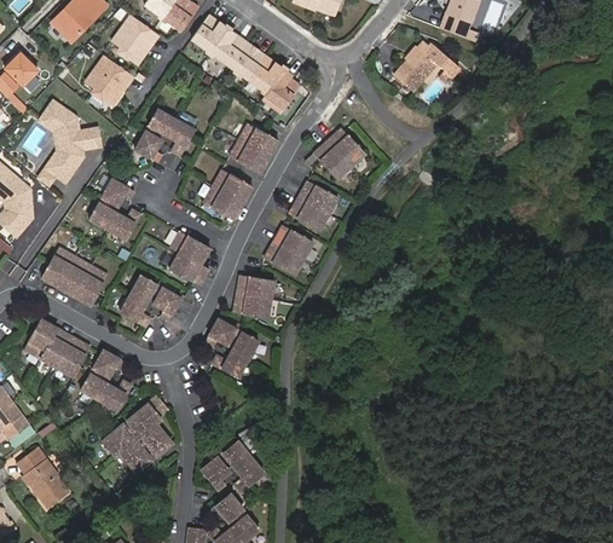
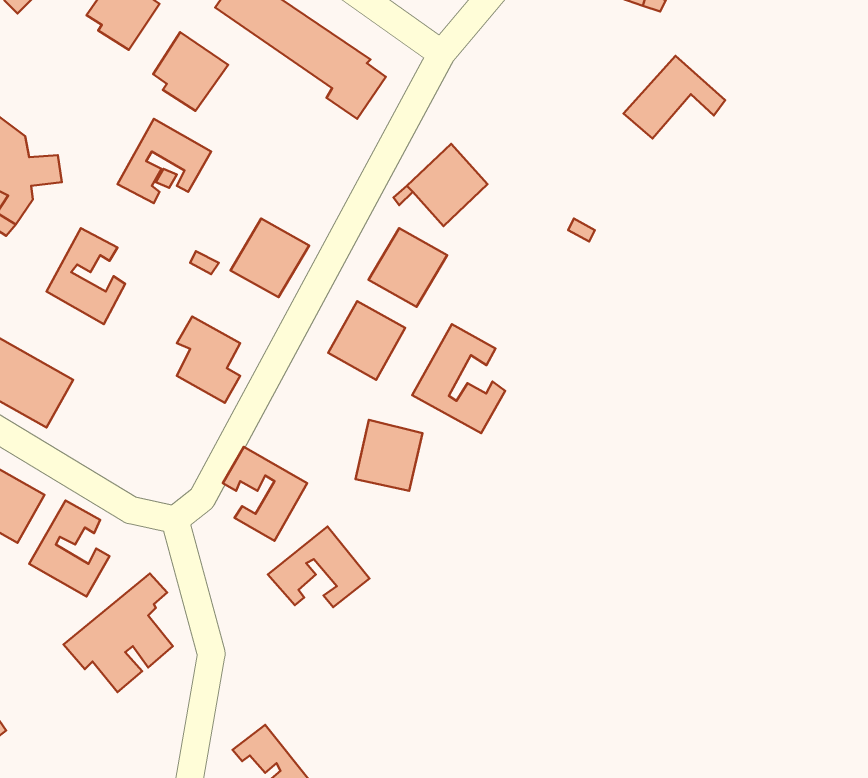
building: [394,40,458,92] -> [624,56,725,138]
building: [91,58,138,108] -> [153,32,228,111]
building: [232,126,281,175] -> none
building: none -> [412,324,505,433]
building: [118,273,179,324] -> none
building: [230,273,272,318] -> [356,420,423,491]
building: [198,438,262,489] -> [268,527,370,607]

